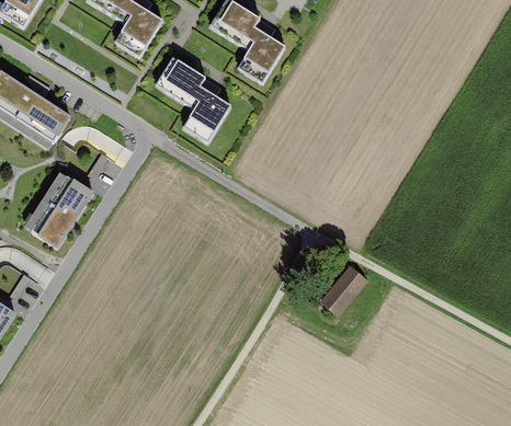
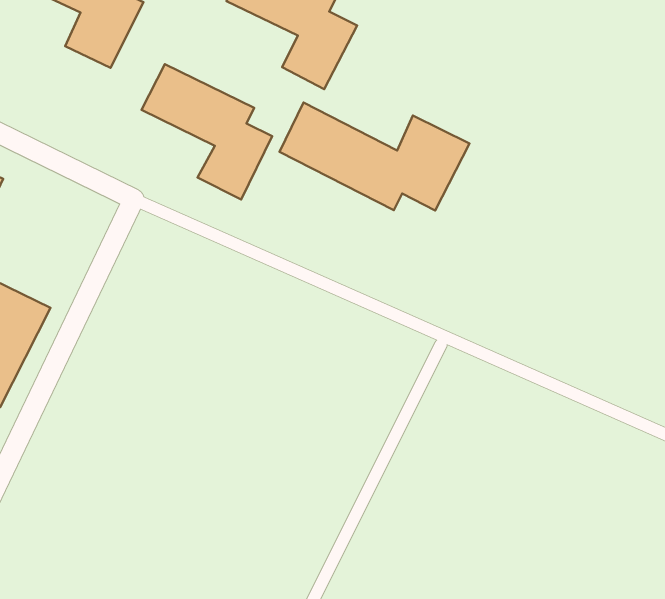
building: none -> [280,103,469,210]
building: [322,268,366,315] -> none

